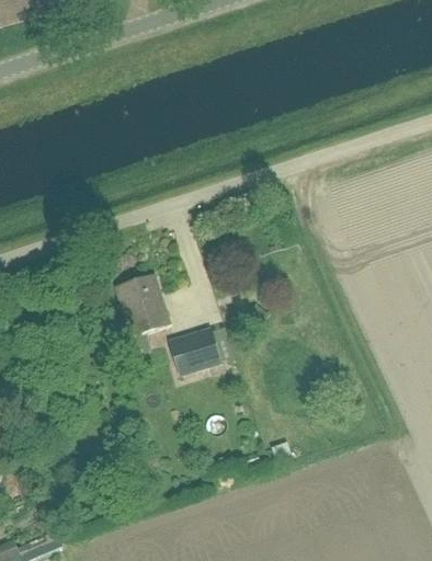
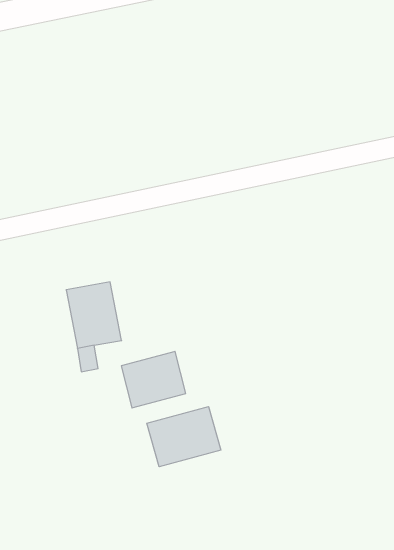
building: none -> [147,407,221,467]

